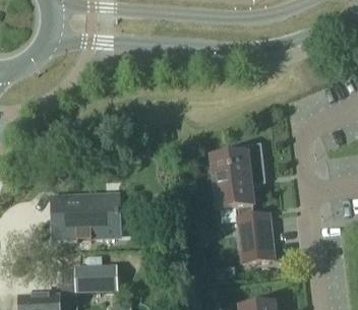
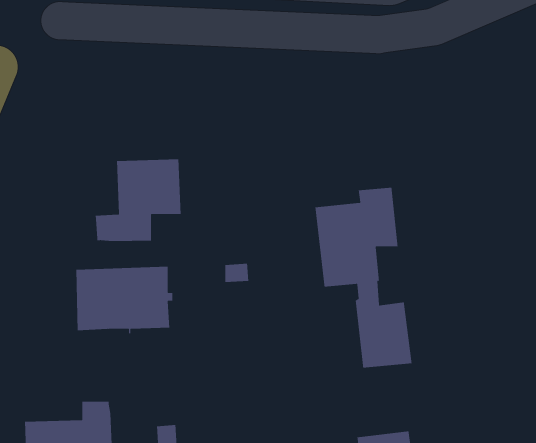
building: none -> [95,158,182,242]
building: [74,263,116,290] -> none

